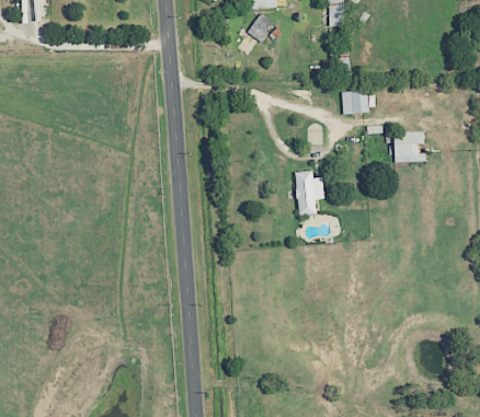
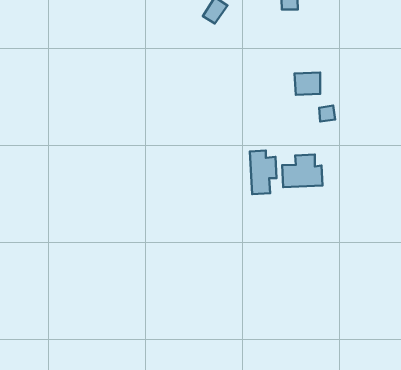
building: [392,131,425,162] -> none
building: none -> [282,155,322,187]

